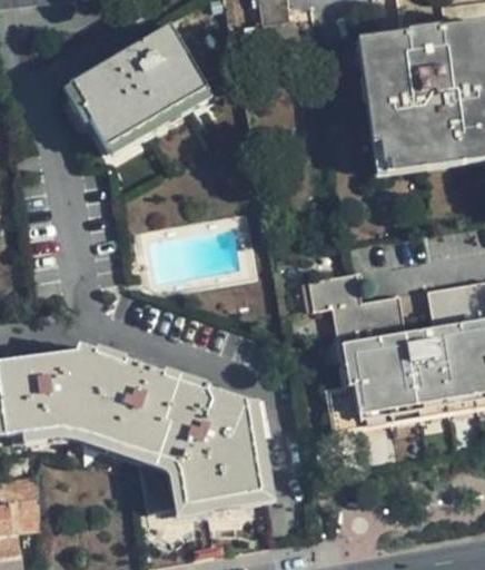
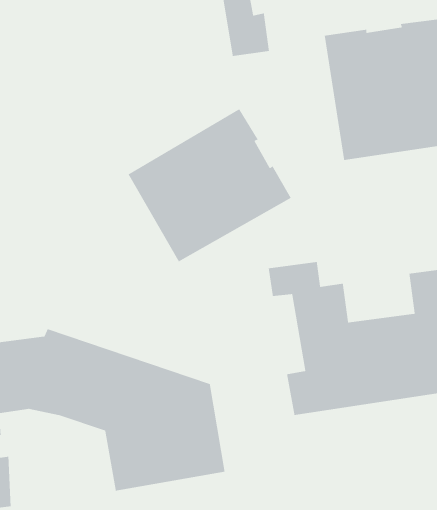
building: [70,22,208,146] -> none
building: none -> [127,108,292,263]

